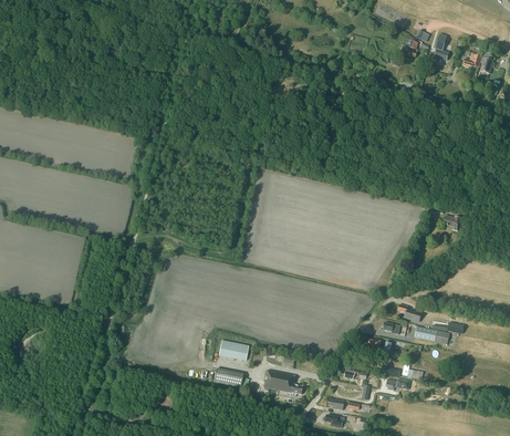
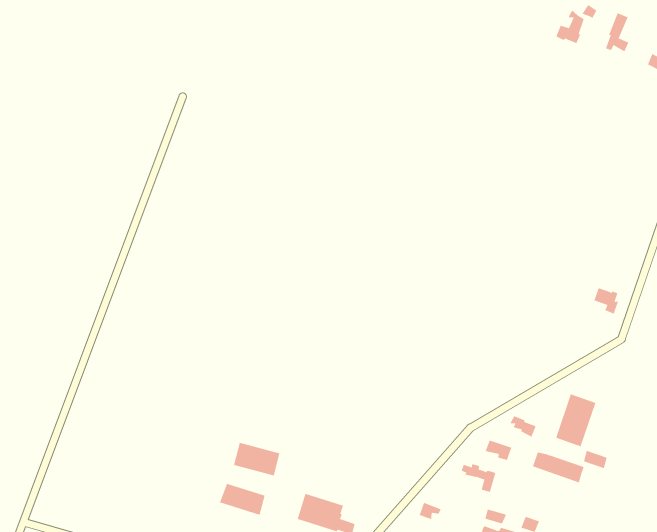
building: none -> [555,393,596,447]

